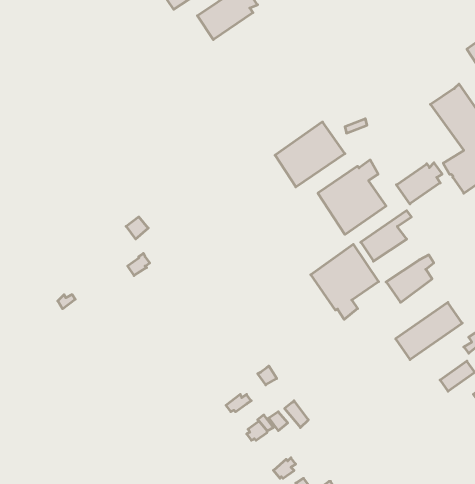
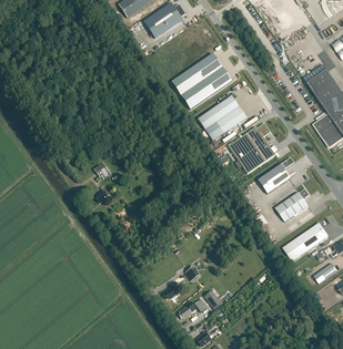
building: none -> [171,53,231,109]
building: [396,163,442,204] -> none
building: [311,244,379,319] -> none

